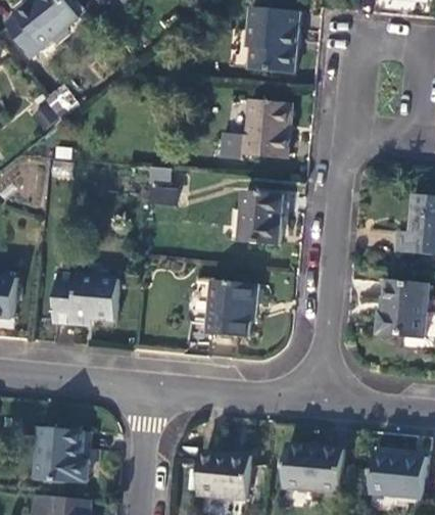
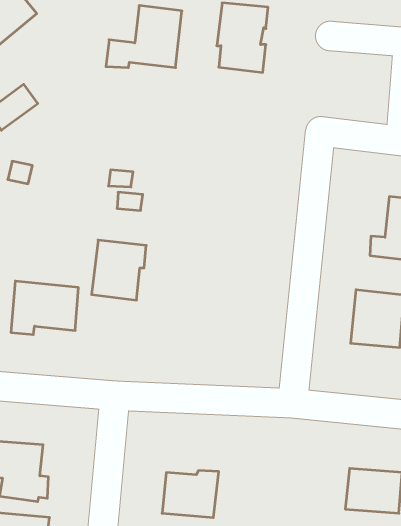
building: [221,99,293,158] -> [106,6,182,68]
building: [239,191,282,245] -> none
building: [204,280,256,337] -> [92,240,146,300]
building: [282,446,344,491] -> none

